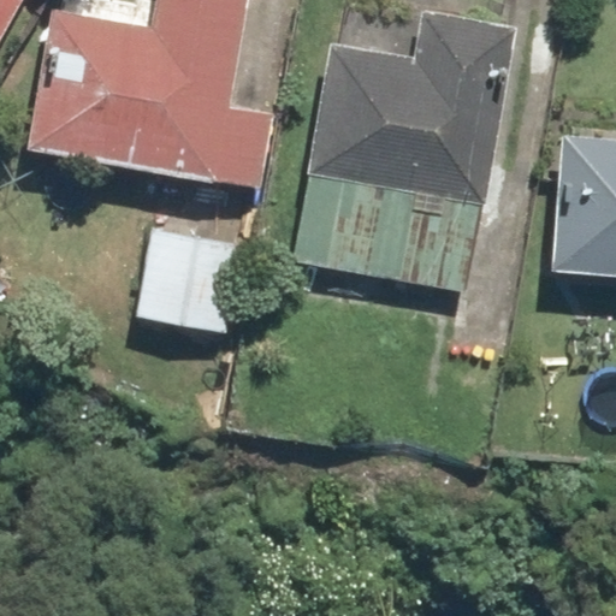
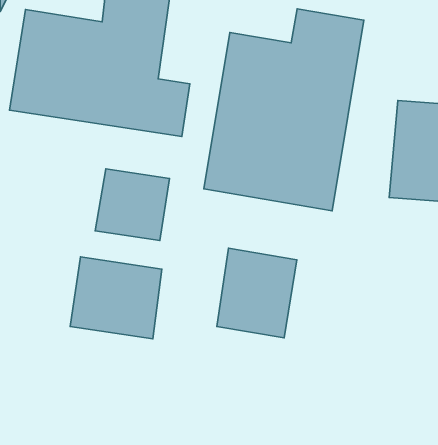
building: none -> [217,248,297,338]
building: none -> [70,257,162,339]

